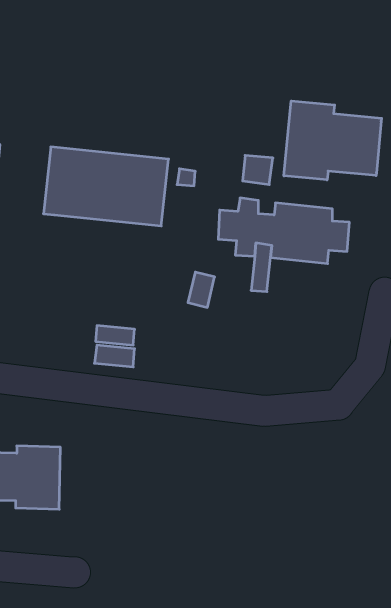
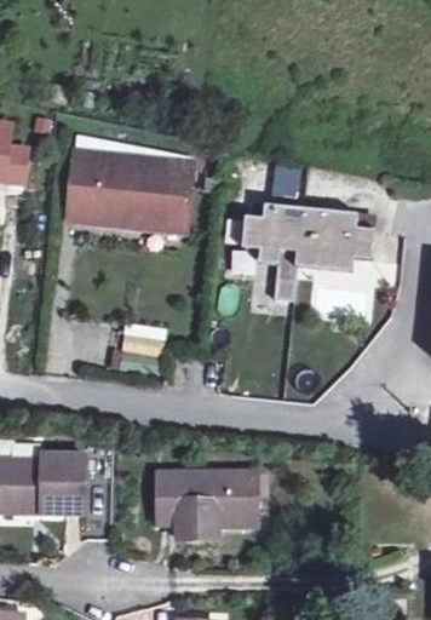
building: [284,101,382,180] -> none
building: none -> [156,469,255,535]

